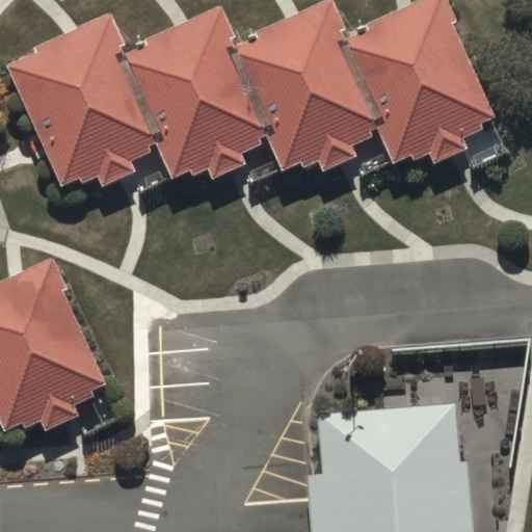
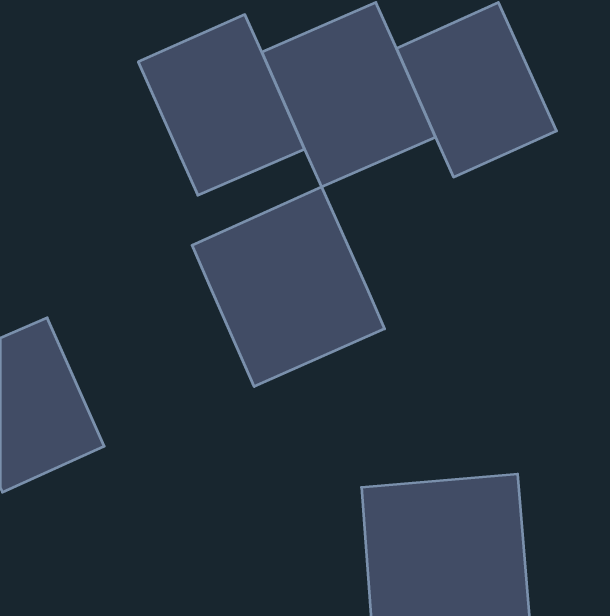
building: [17,26,163,181] -> none
building: none -> [192,187,385,387]

